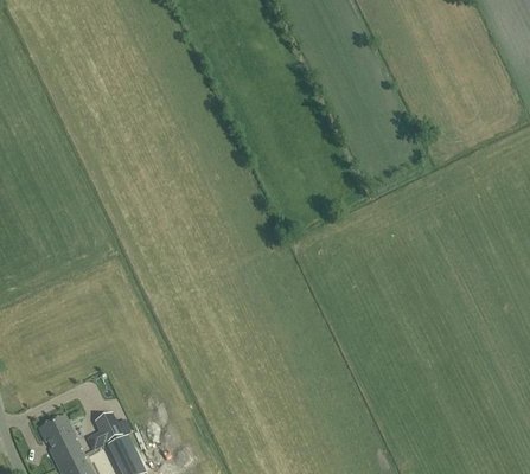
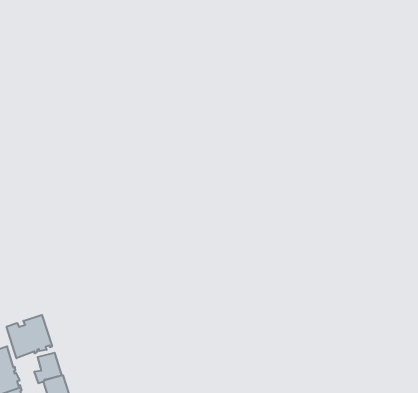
building: none -> [7,315,52,358]

